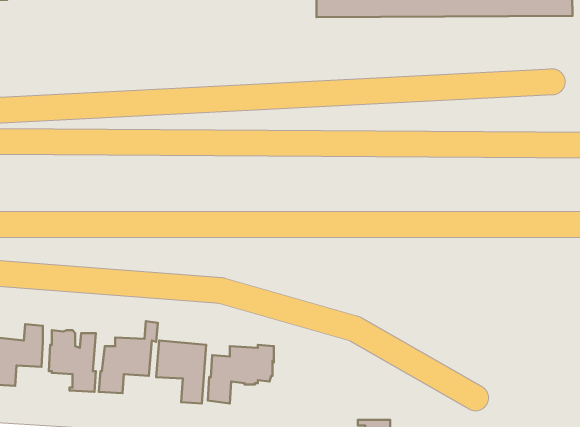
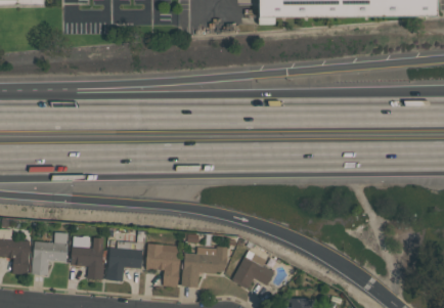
building: none -> [232,250,274,289]

